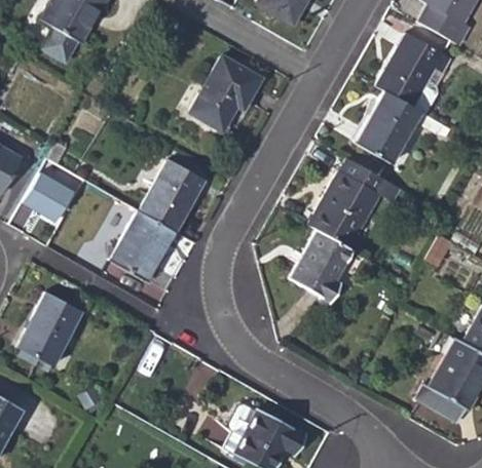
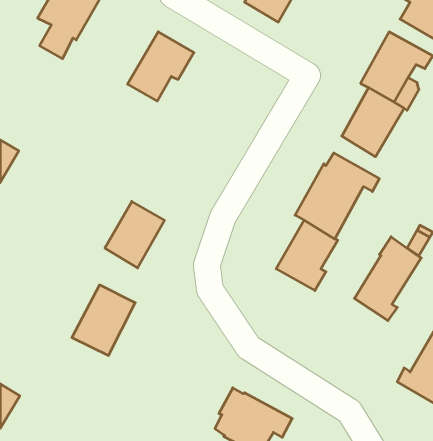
building: [191,57,260,129] -> [128,32,194,101]
building: [140,158,203,229] -> none
building: [24,168,76,219] -> none
building: none -> [354,237,421,321]
building: [17,293,83,365] -> [72,285,135,355]

